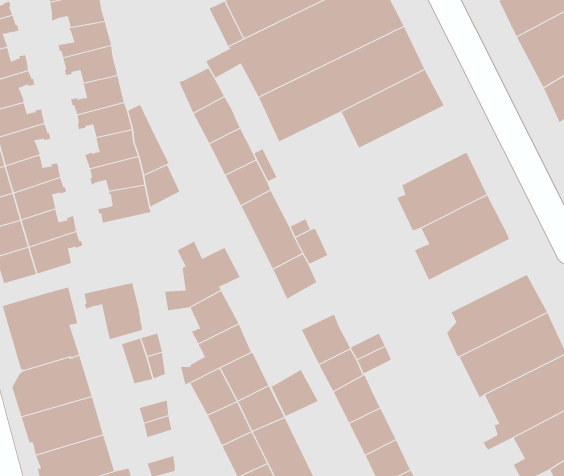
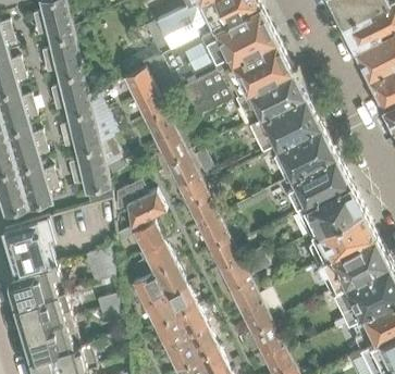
building: none -> [246,92,320,150]
building: none -> [296,184,361,234]
building: [84,283,143,340] -> [71,165,111,204]
building: [271,369,319,417] -> [197,213,230,246]

